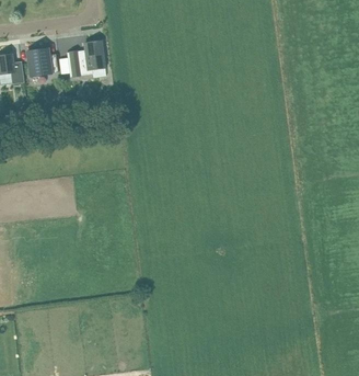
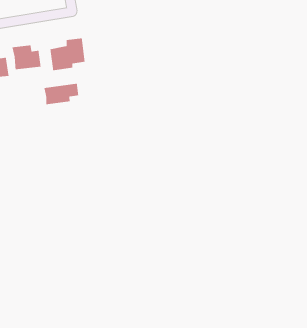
building: none -> [44,83,79,105]

